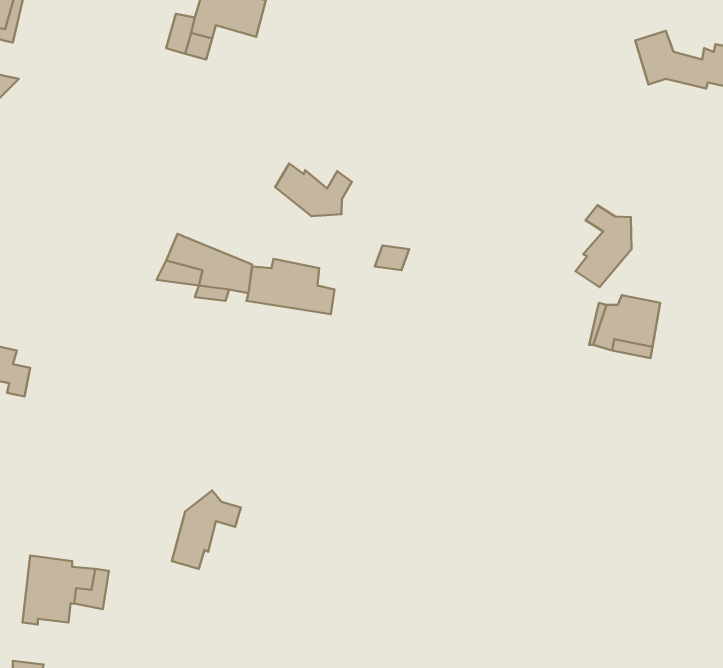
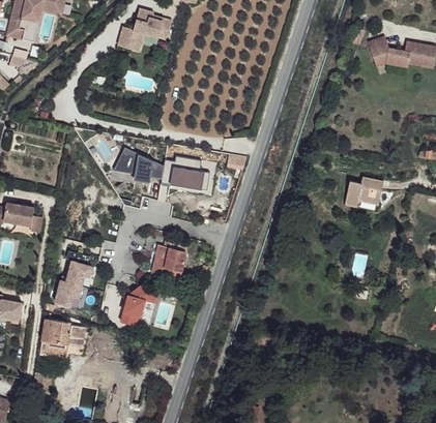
building: [275,163,352,216] -> none
building: [575,205,631,287] -> none
building: none -> [150,239,185,278]
building: none -> [54,250,90,306]

